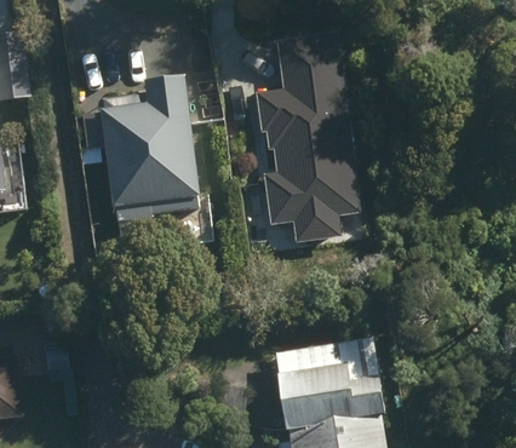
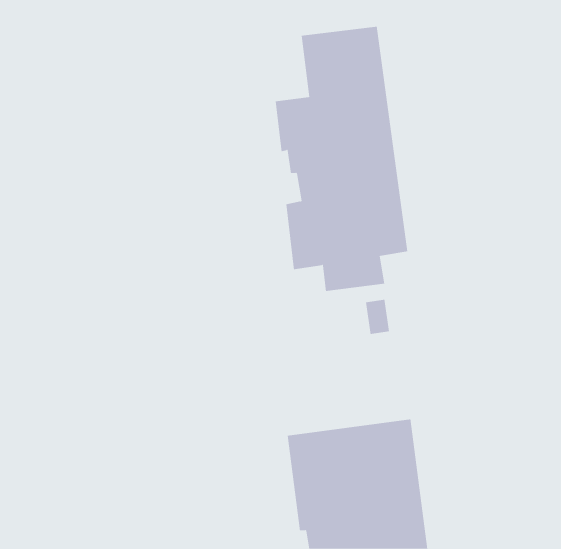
building: [102,75,203,245] -> none

